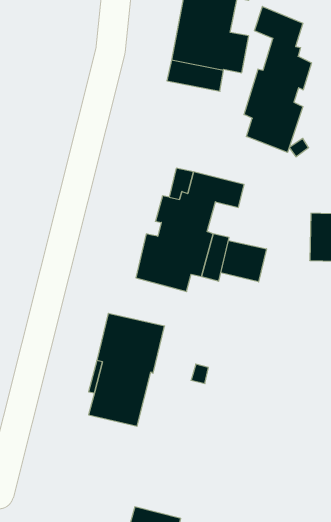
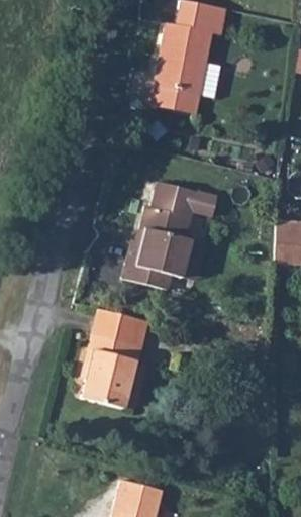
building: [244,6,311,152] -> none
building: [221,240,266,282] -> none

